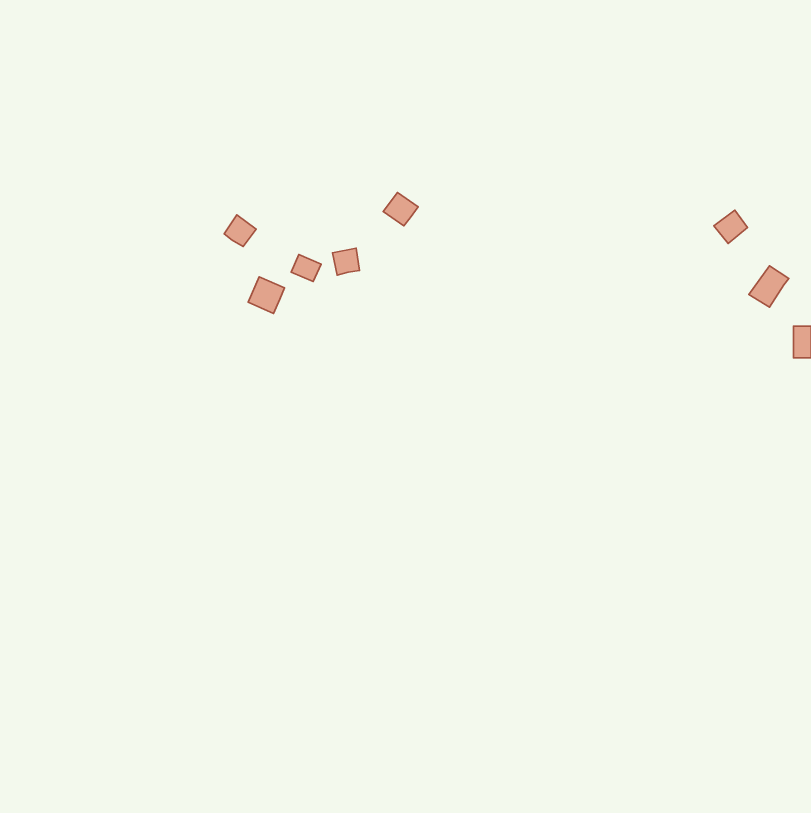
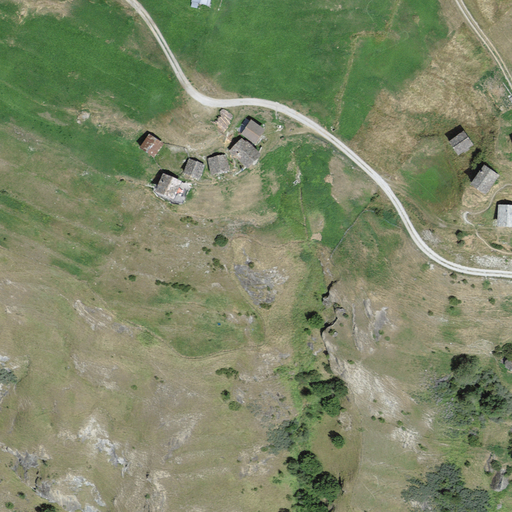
building: none -> [230,138,258,166]

